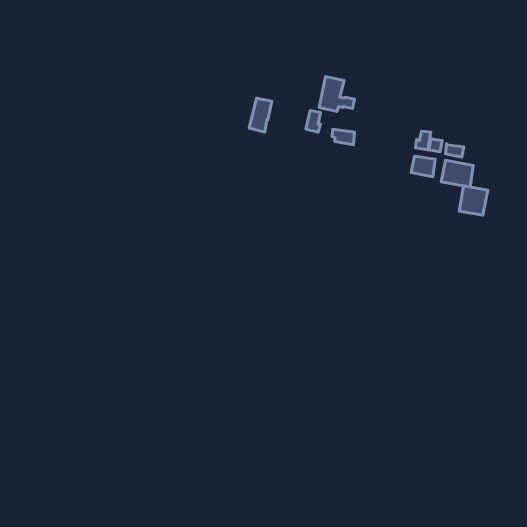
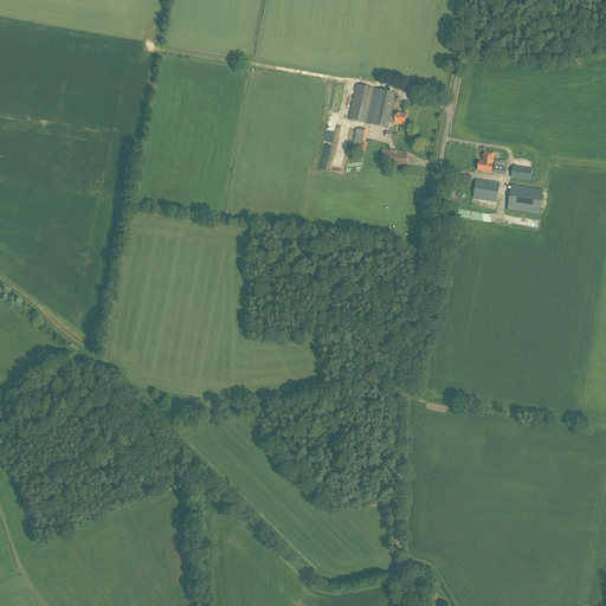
building: [249,98,272,132] -> [347,84,373,123]
building: [459,186,488,215] -> none

